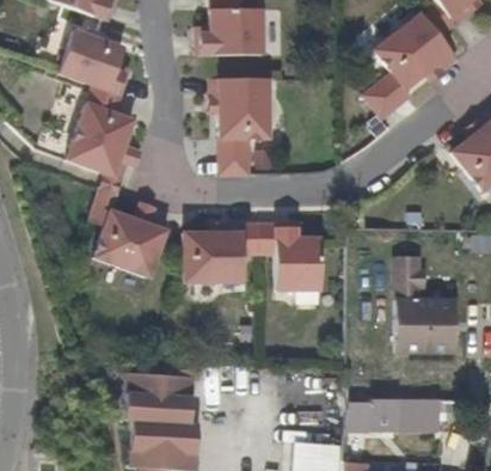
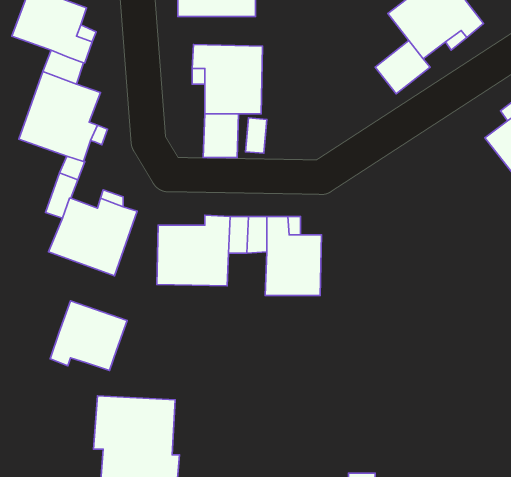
building: [391,256,453,351] -> none
building: none -> [50,301,127,371]
building: [342,399,435,432] -> none

